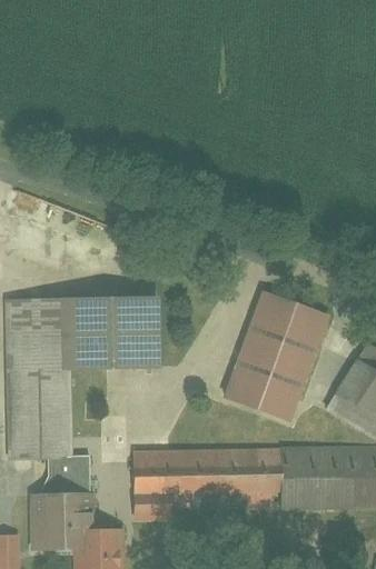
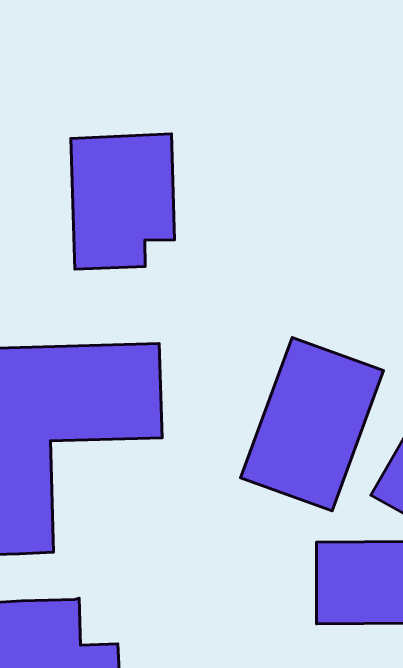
building: none -> [71,134,174,269]
building: [132,447,279,519] -> none
building: [48,455,91,492] -> none

